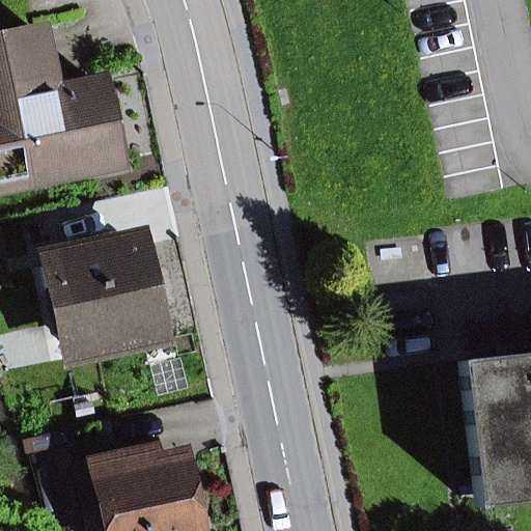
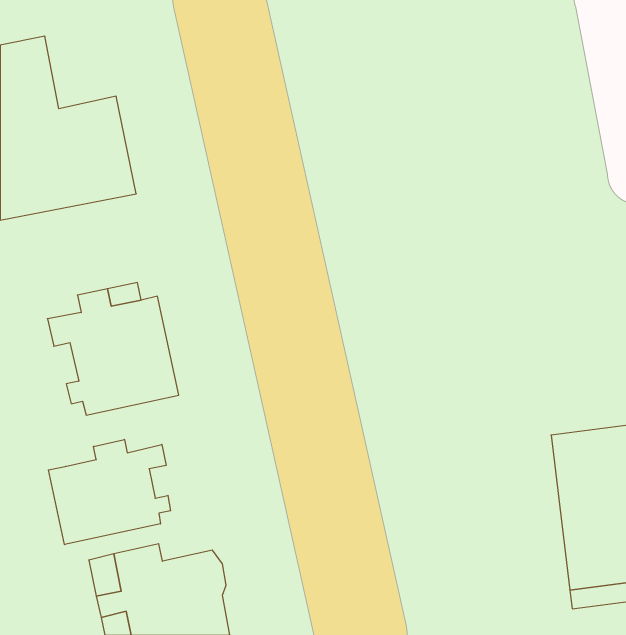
building: none -> [48,439,171,545]

